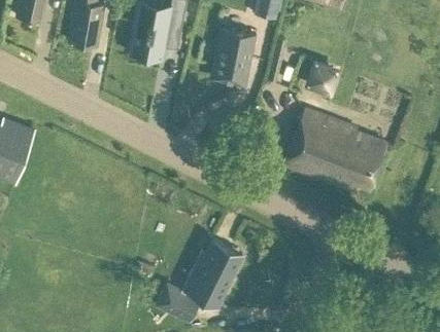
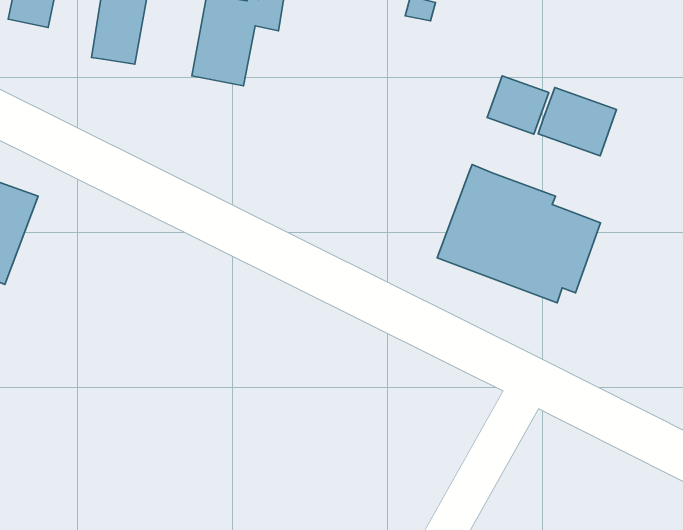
building: [211,24,258,83] -> none
building: none -> [538,88,617,156]
building: [157,237,244,320] -> none

